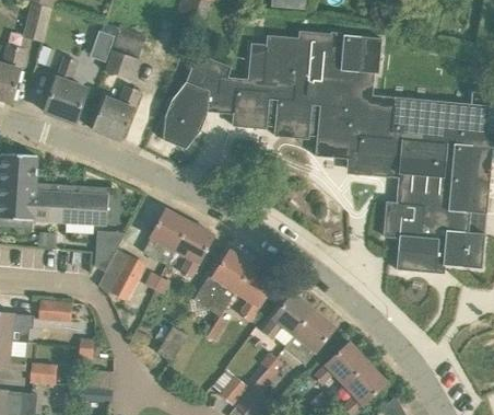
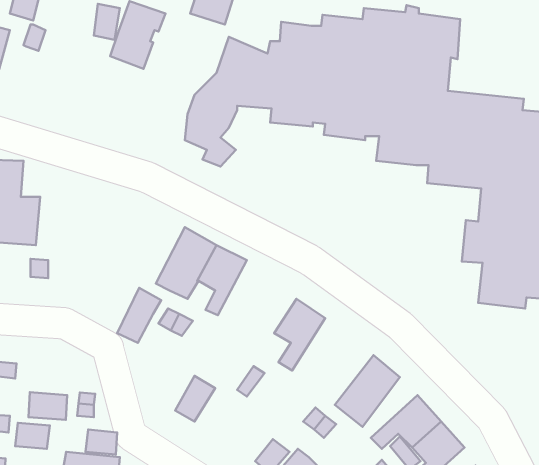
building: [44,57,86,123] -> none
building: [91,85,140,140] -> none
building: [46,183,107,224] -> none
building: [93,230,125,272] -> none
building: [192,250,252,312] -> none
building: [261,292,314,338] -> none
building: [40,300,71,322] -> [28,392,67,420]

